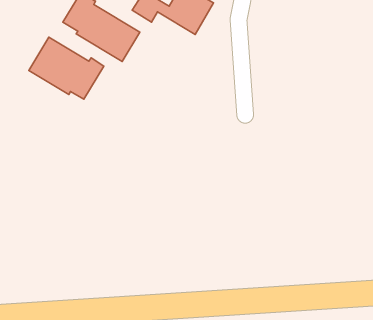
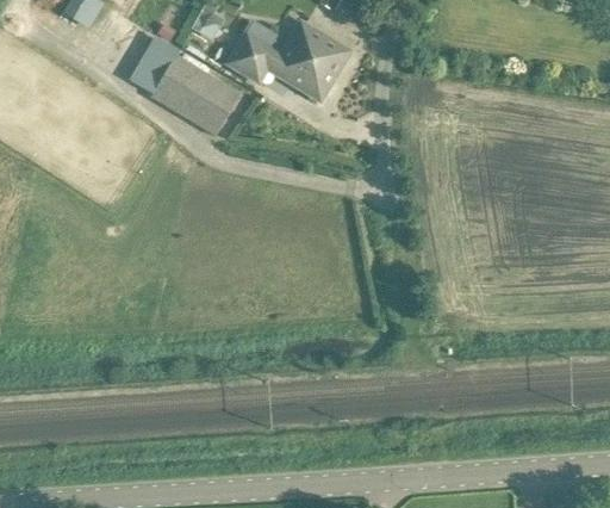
building: [29,37,104,99] -> none

